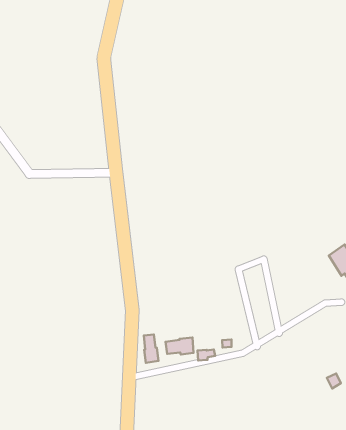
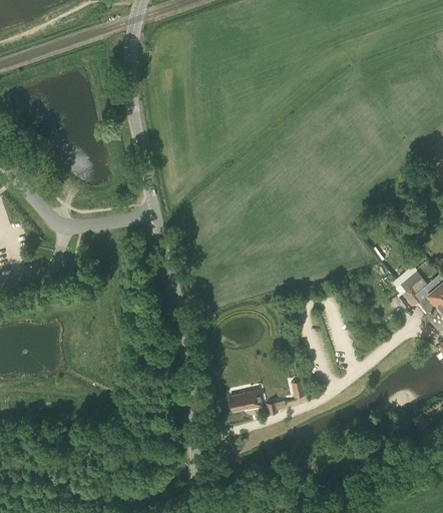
building: [144,335,158,363] -> none

